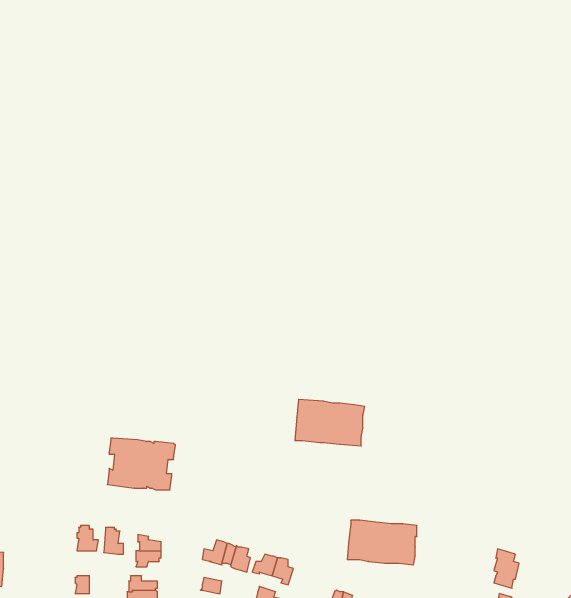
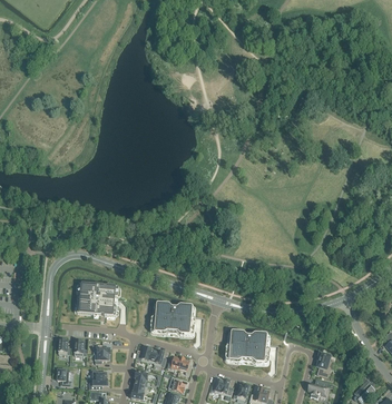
building: [295,399,365,446] -> [151,305,195,334]

